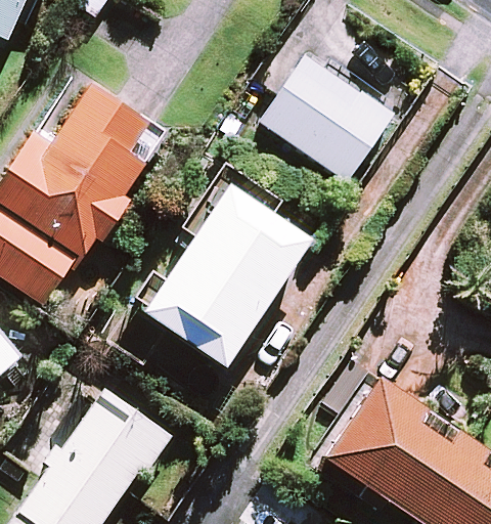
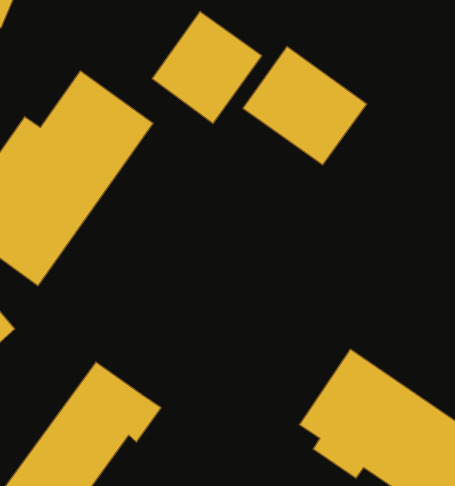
building: none -> [152,11,262,124]
building: [145,167,314,362] -> none

